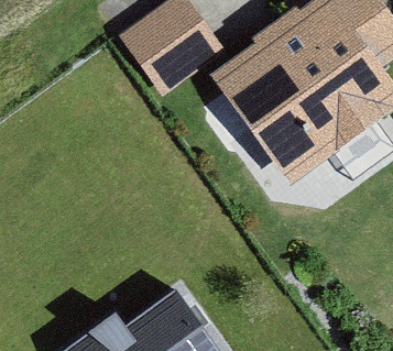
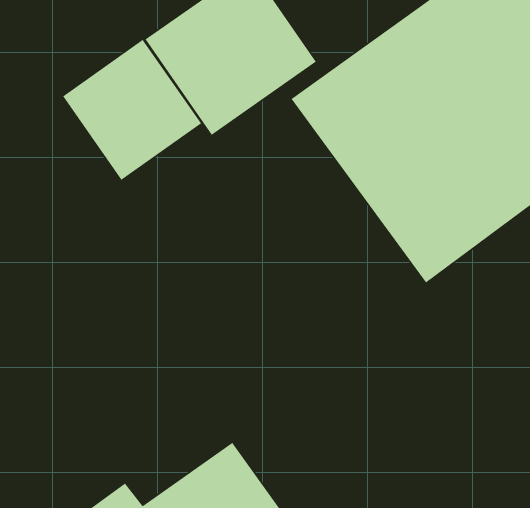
building: none -> [62,39,202,181]

